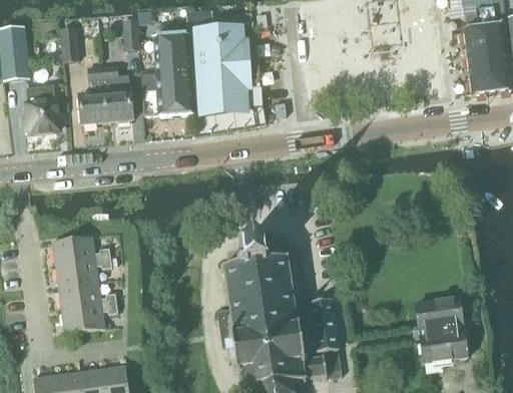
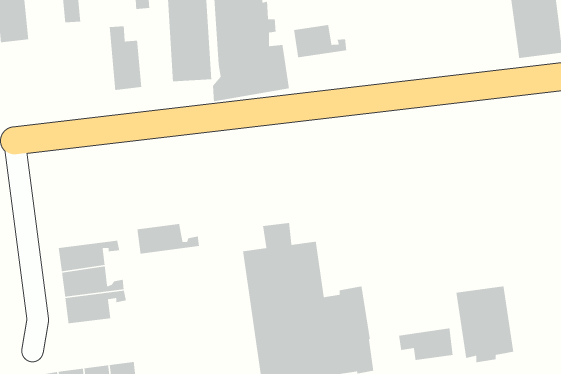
building: none -> [293,24,347,58]
building: [78,64,107,124] -> none
building: [24,84,62,132] -> none
building: [53,236,110,264] -> [136,223,200,254]
building: none -> [398,327,453,361]

